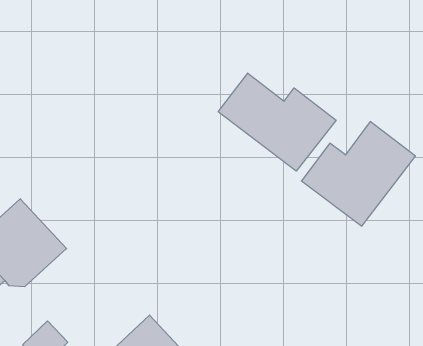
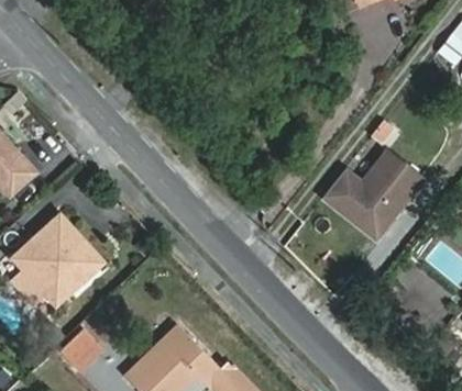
building: [218,73,336,171] -> none

